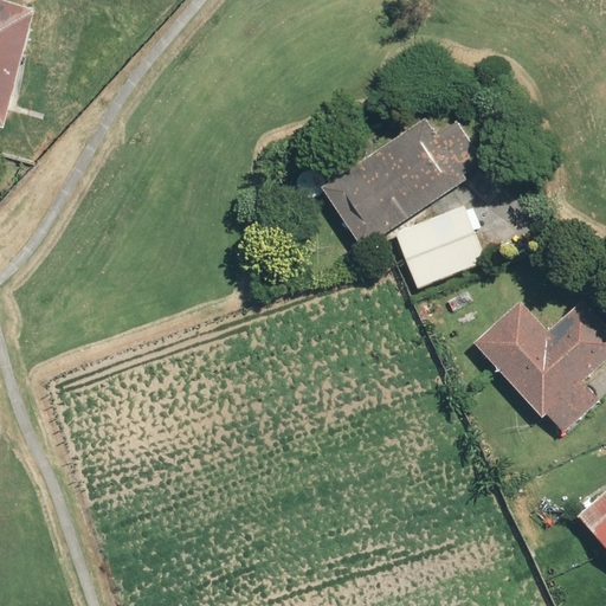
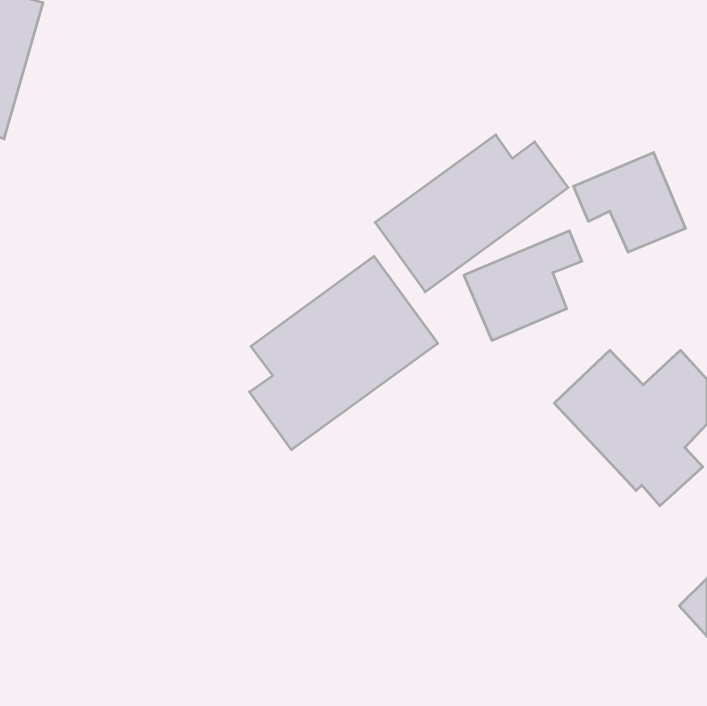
building: none -> [573,152,685,252]
building: none -> [249,256,438,450]

